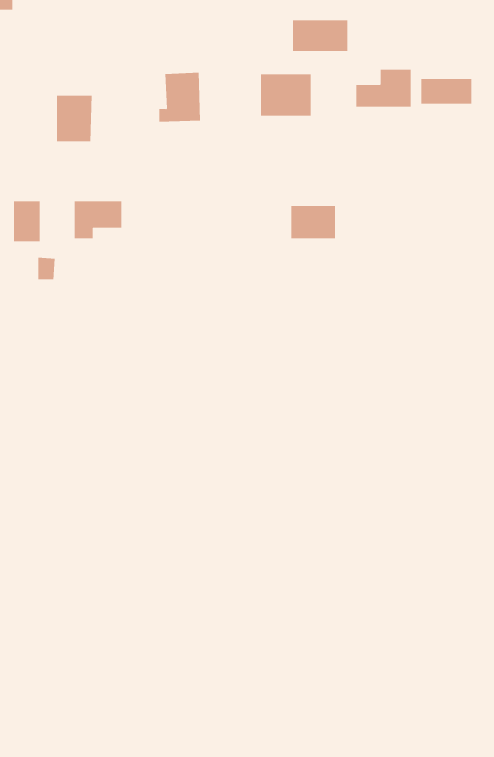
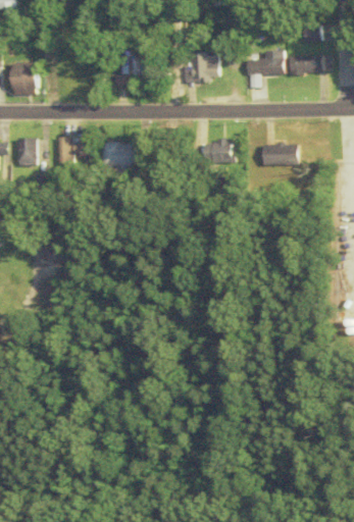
building: [292,20,348,52] -> none
building: [56,95,93,142] -> [13,62,38,94]
building: none -> [99,142,139,171]
building: none -> [262,144,298,165]

